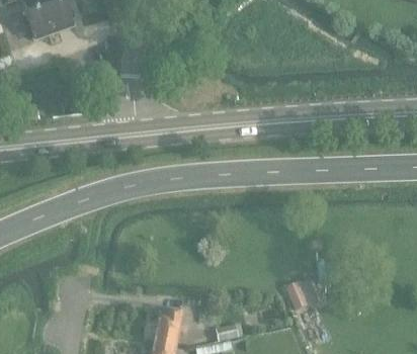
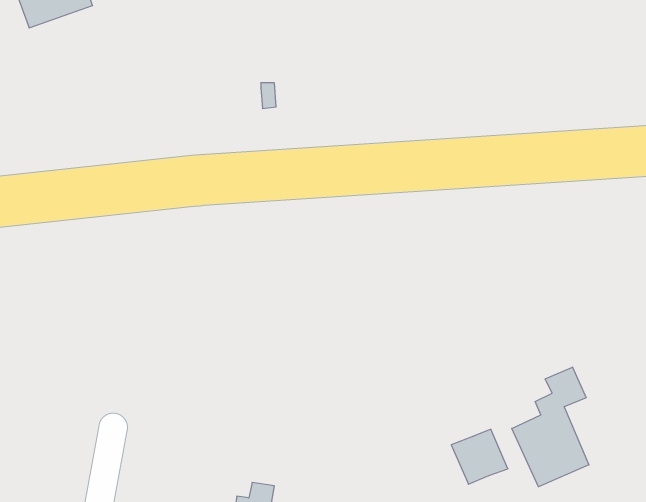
building: none -> [512,367,589,487]

